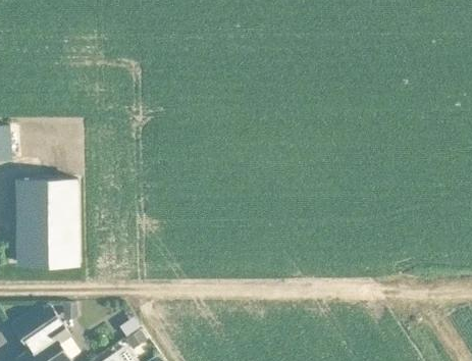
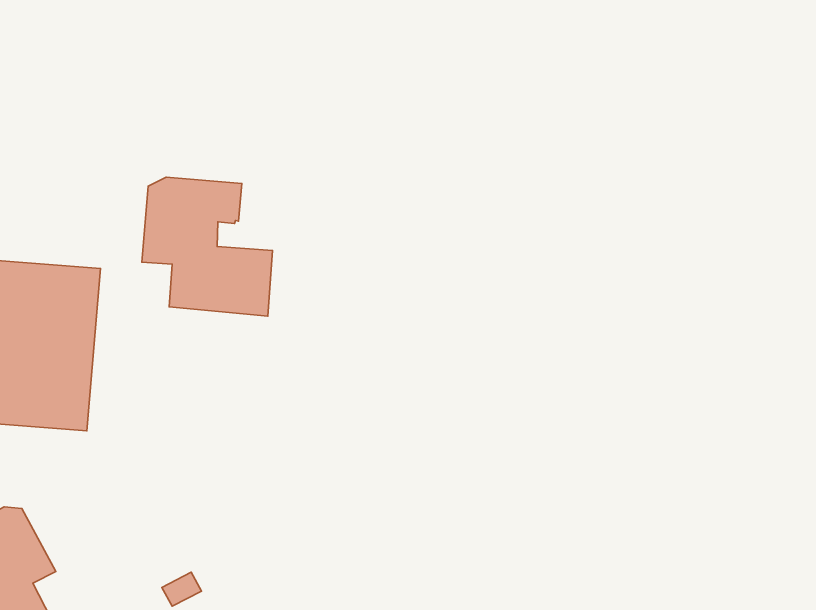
building: none -> [142,177,273,316]

